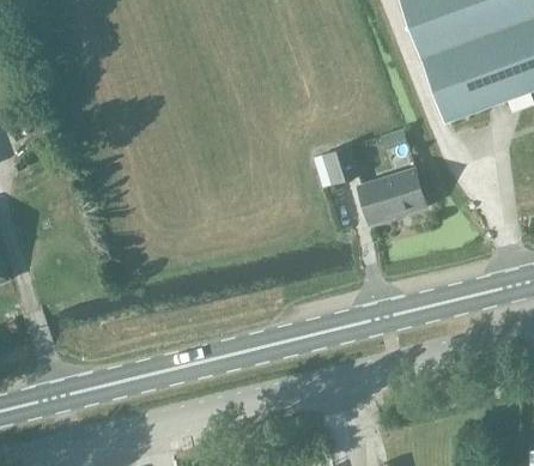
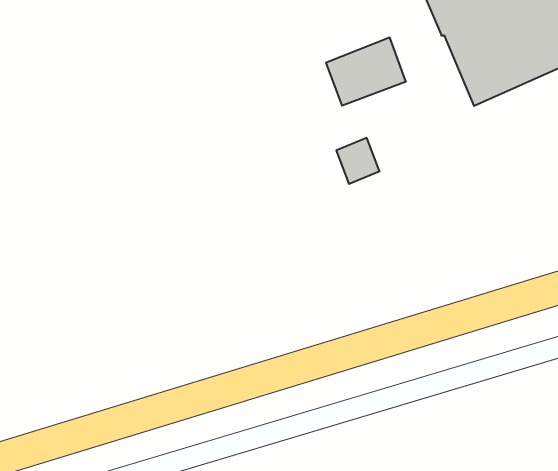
building: [357,168,426,225] -> [326,38,406,106]

